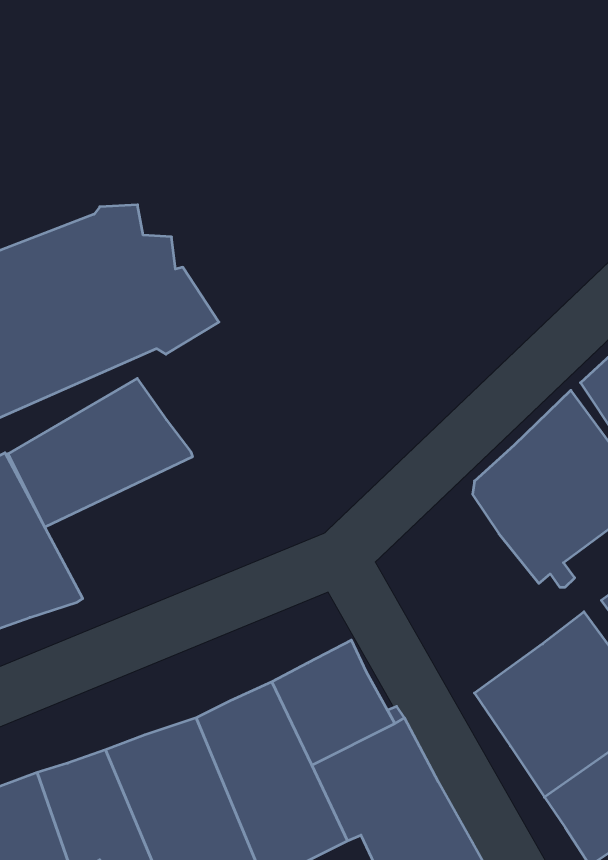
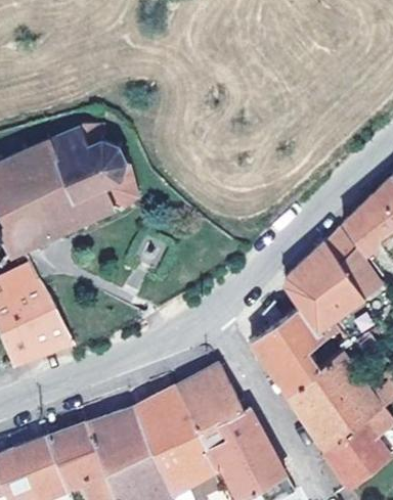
building: [8,378,192,527] -> none
building: none -> [250,304,331,393]

